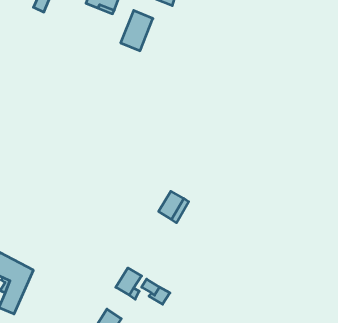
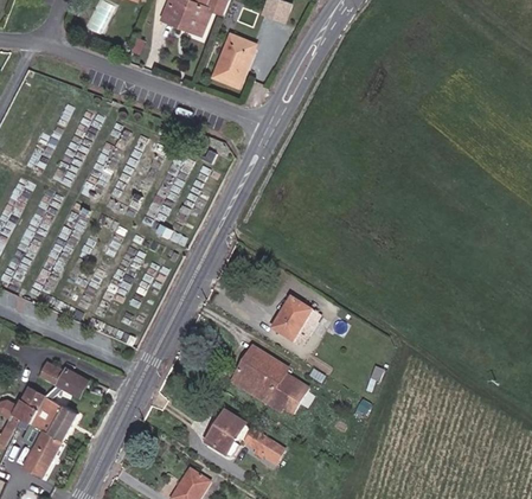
building: none -> [231,345,303,415]
building: none -> [41,360,90,397]

